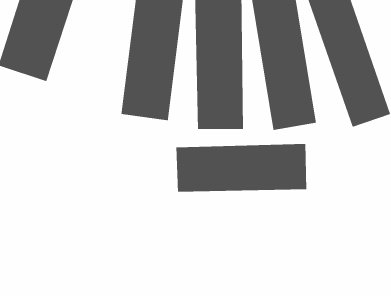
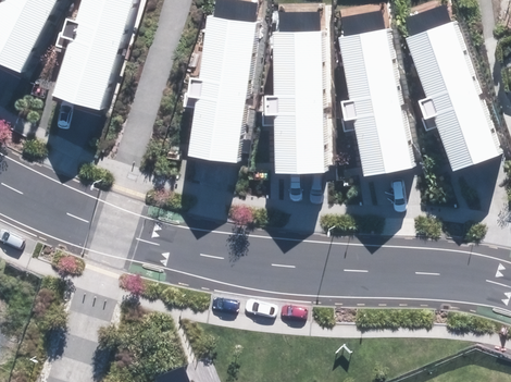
building: [175,143,307,192] -> none

